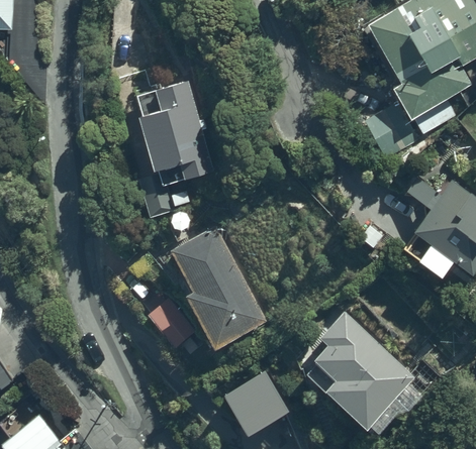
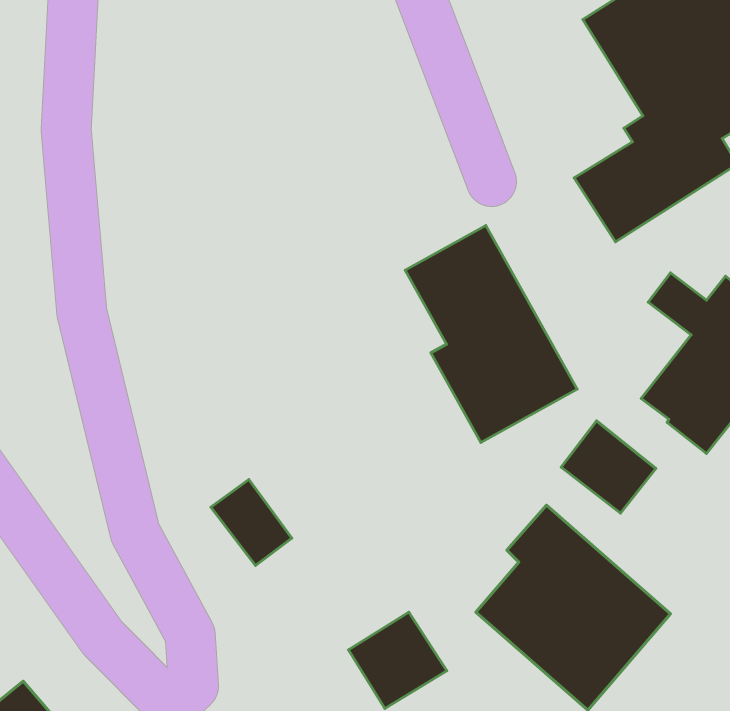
building: [137,81,216,212] -> none
building: [169,223,270,350] -> [405,225,577,442]
building: none -> [561,421,656,513]

